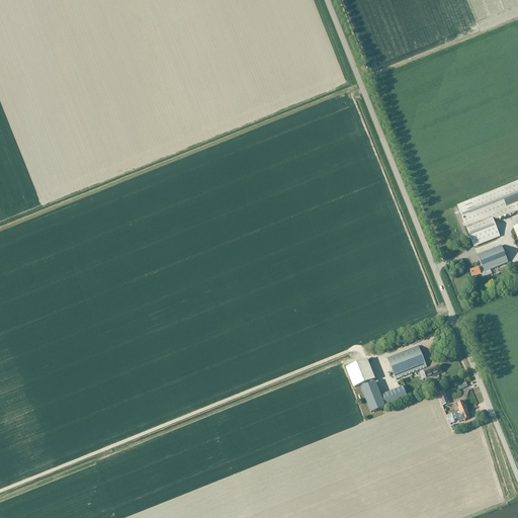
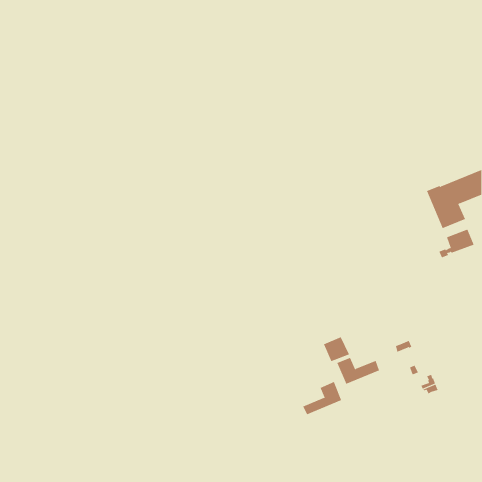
building: [386,345,426,378] -> none
building: none -> [303,381,342,415]

